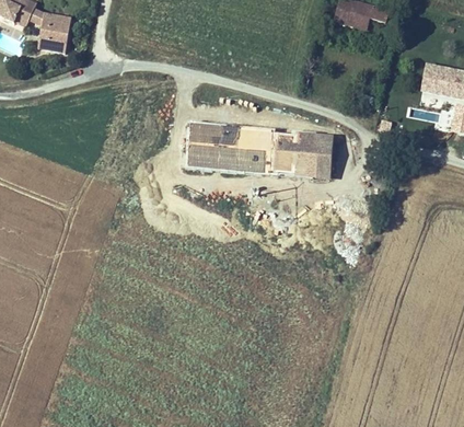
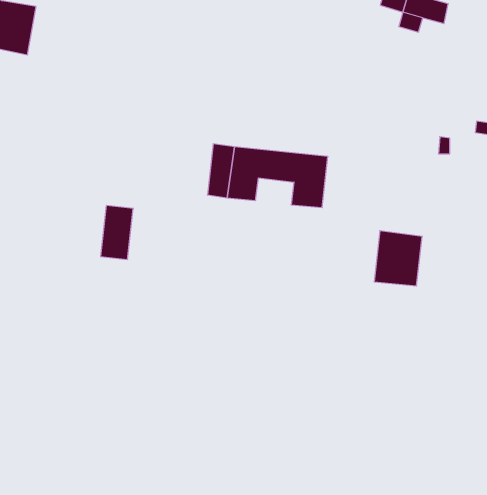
building: [183,120,208,162] -> [101,206,133,259]
building: [292,132,329,175] -> [374,231,422,286]
building: [241,149,270,170] -> none

